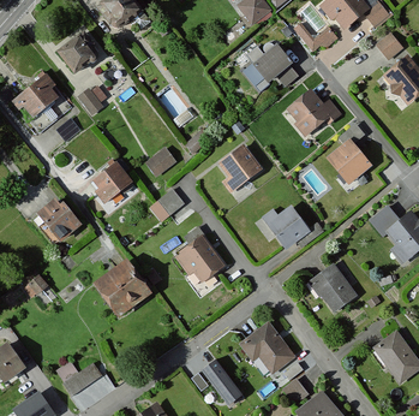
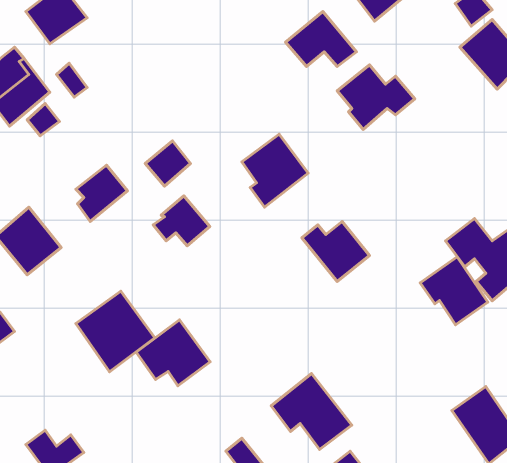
building: [328,121,375,184] -> none
building: [170,232,226,281] -> [136,320,210,386]
building: [307,261,358,311] -> [420,257,488,325]

